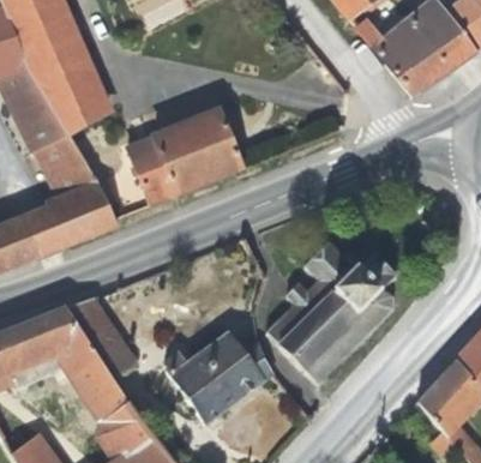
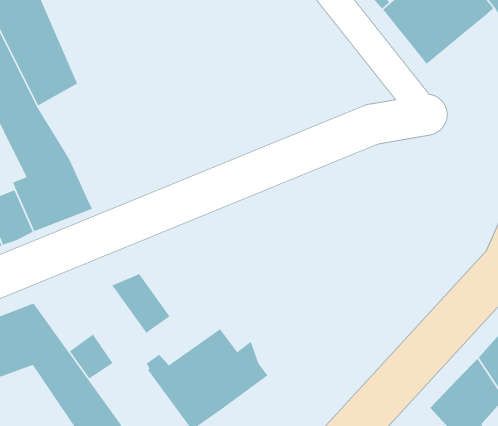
building: [127,110,241,204] -> none
building: [265,242,396,385] -> none
building: [65,297,118,351] -> [111,273,171,334]

